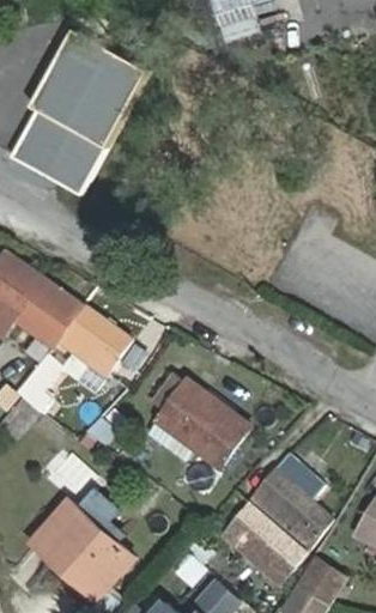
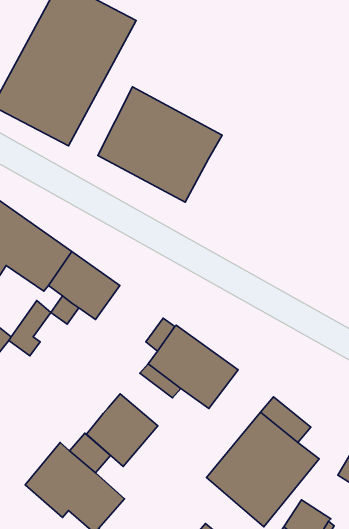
building: none -> [98,87,222,202]
building: none -> [86,394,158,466]

